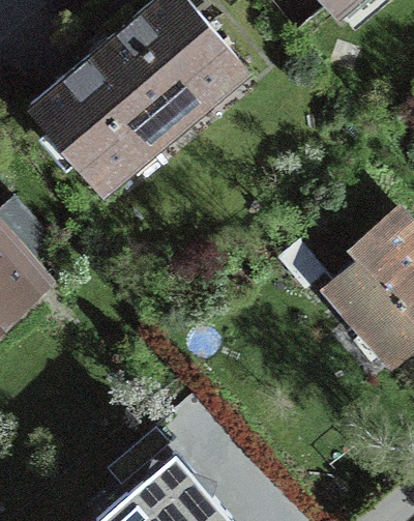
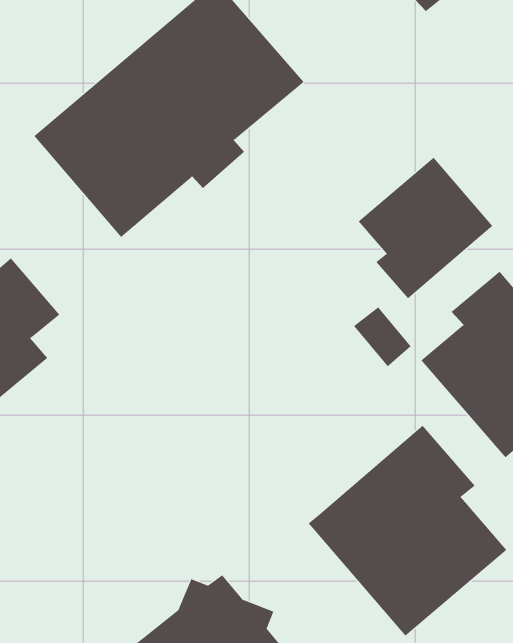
building: none -> [358,157,493,299]
building: none -> [308,425,507,636]

